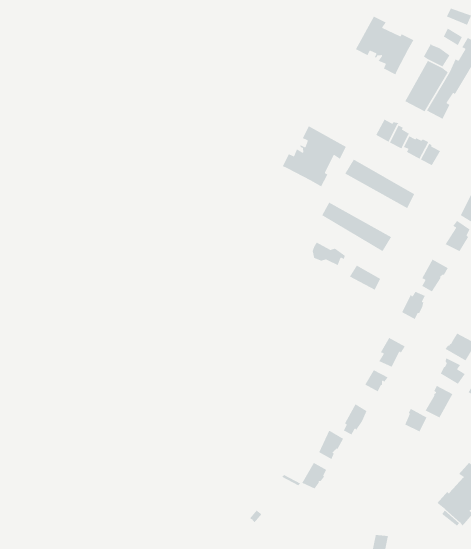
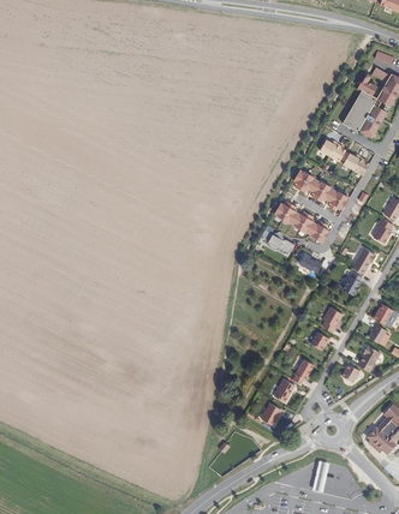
building: [355,15,414,75] -> none
building: [282,125,347,188] -> none

